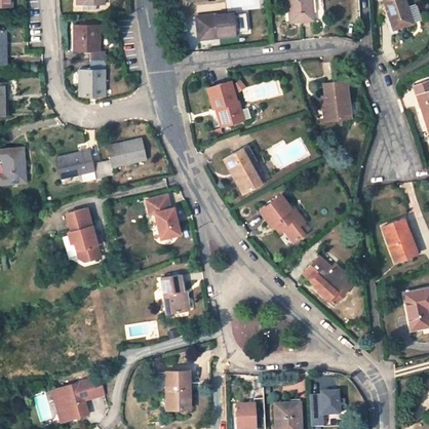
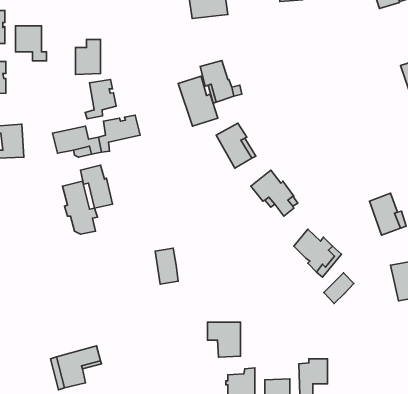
building: [73,25,105,61] -> [16,26,46,61]
building: [322,80,350,121] -> none
building: none -> [178,76,218,126]
building: none -> [85,80,116,119]
building: [147,195,180,239] -> [81,165,112,208]
building: none -> [324,273,354,303]
building: [155,372,189,407] -> [208,322,241,357]

